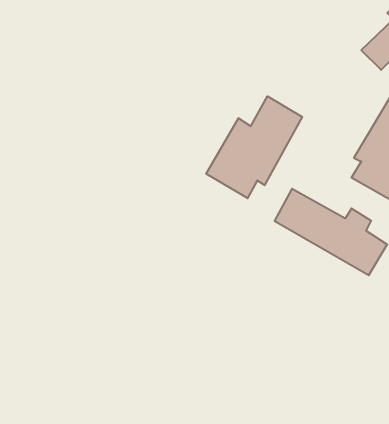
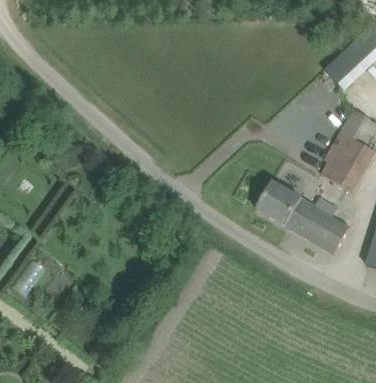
building: [206,96,302,198] -> none

